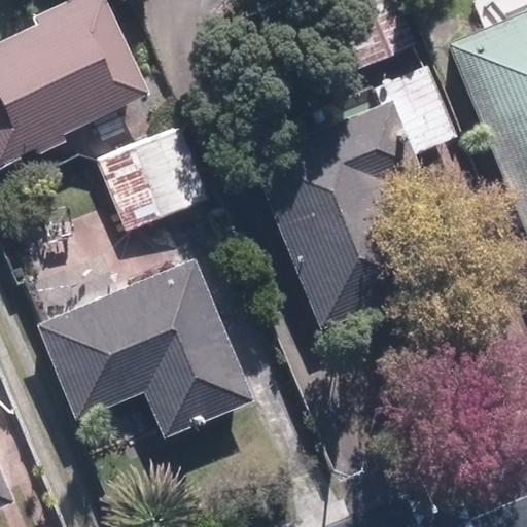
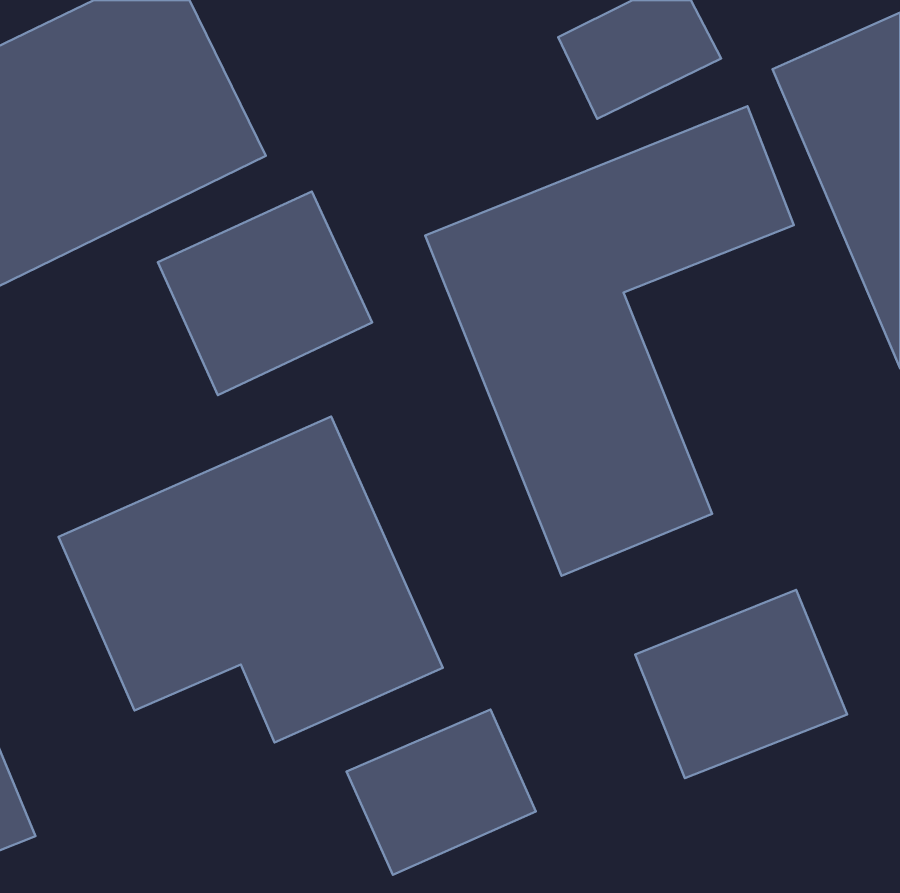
building: none -> [635,590,847,778]
building: none -> [346,709,536,875]

